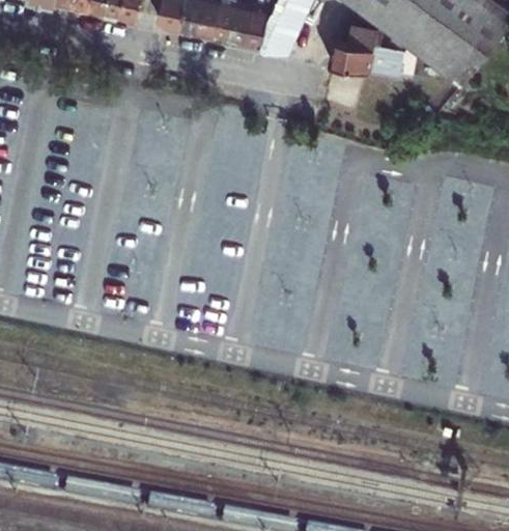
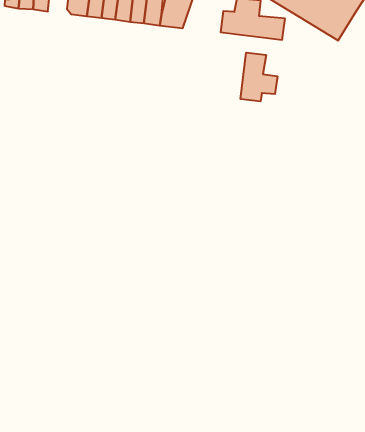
building: none -> [241,53,277,101]

